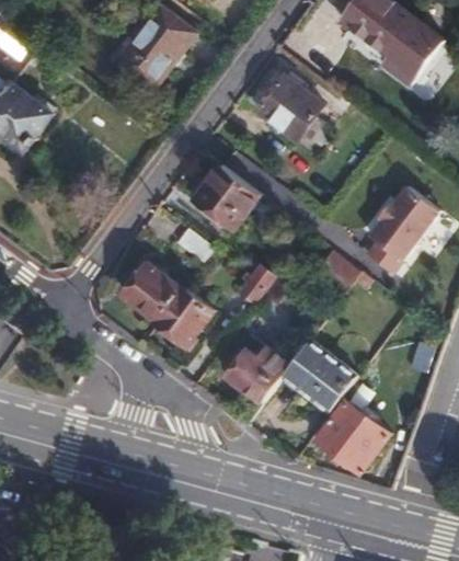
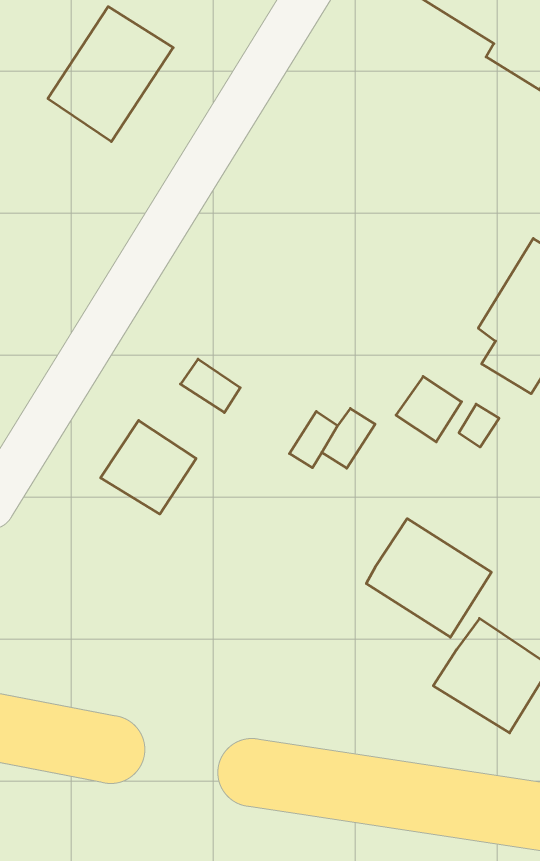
building: [252,68,323,146] -> none
building: [195,167,260,229] -> none
building: [157,290,213,347] -> none
building: [221,335,286,405] -> none

